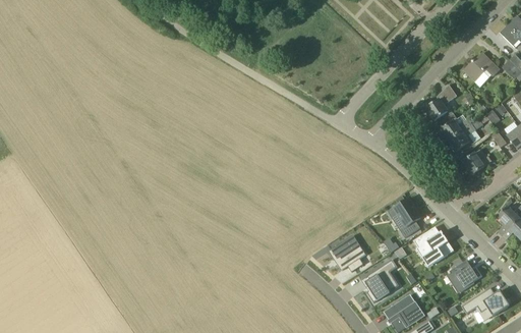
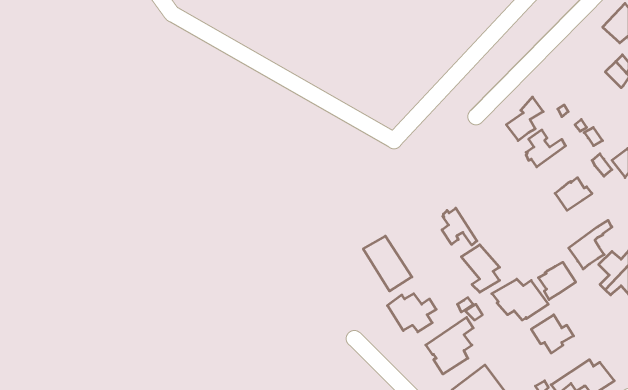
building: [463,53,500,87] -> none
building: [449,119,482,157] -> [569,220,612,269]
building: none -> [442,208,477,245]
building: none -> [363,236,412,291]
building: none -> [538,262,576,300]

